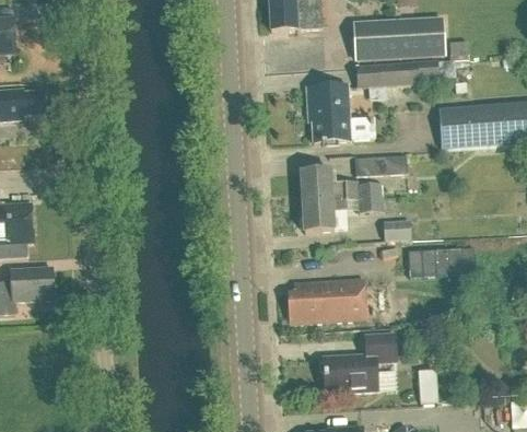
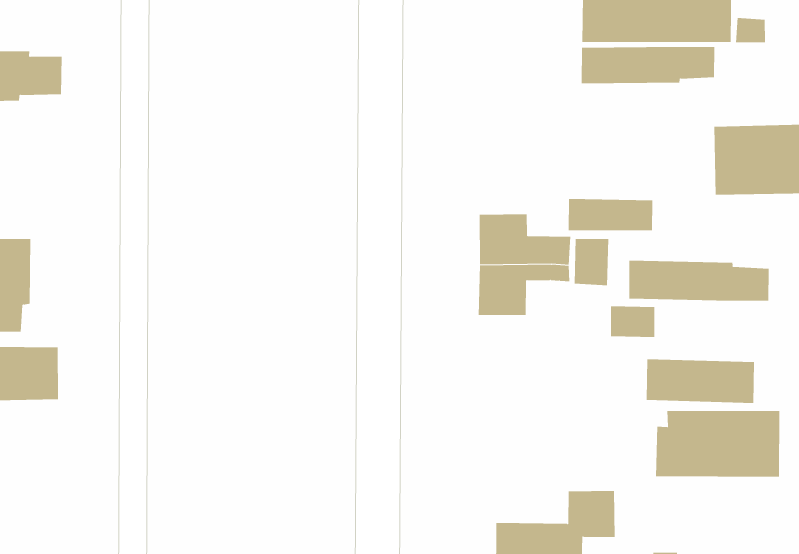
building: [306,84,375,142] -> none
building: none -> [629,260,769,302]
building: [289,278,365,323] -> [655,410,780,477]

